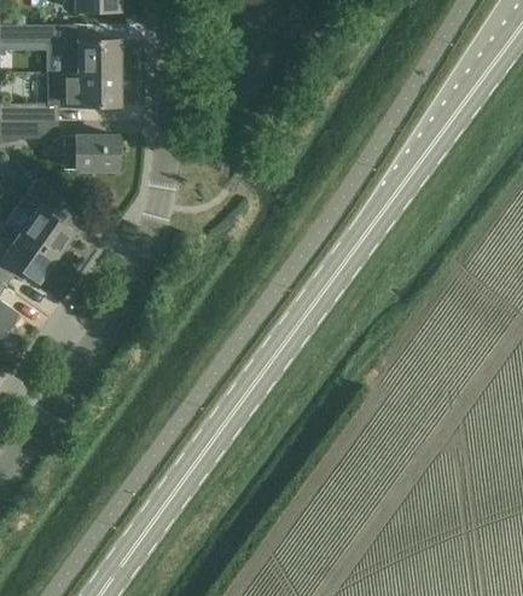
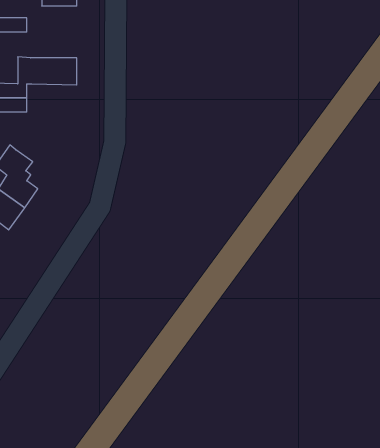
building: [63,41,118,75] -> none
building: [64,139,116,172] -> none

